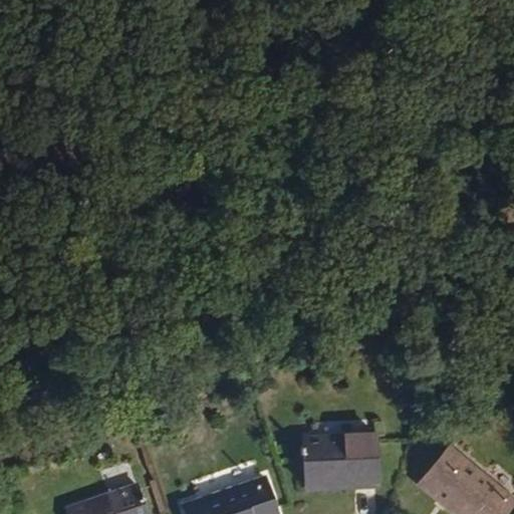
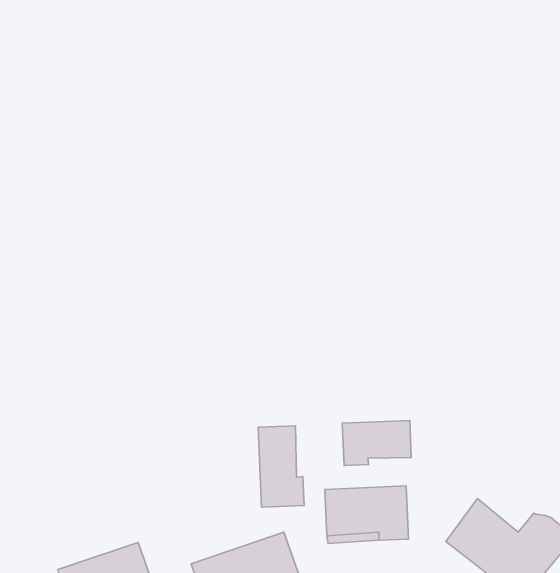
building: none -> [342,420,411,466]
building: none -> [258,426,304,507]

